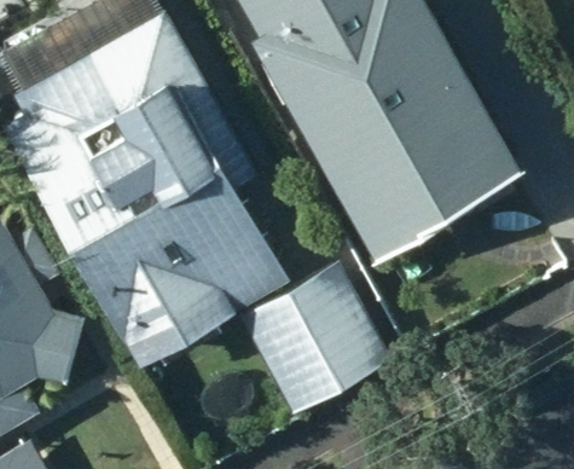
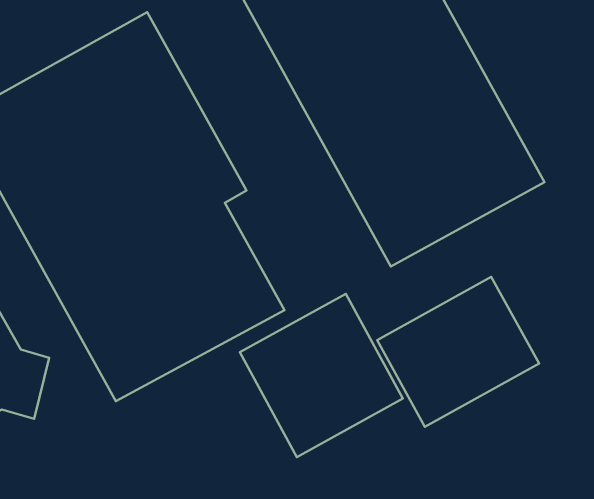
building: none -> [377,277,539,427]

